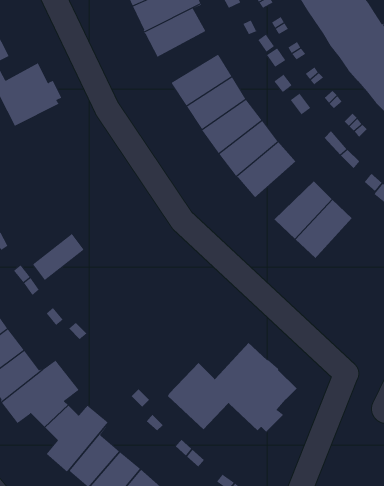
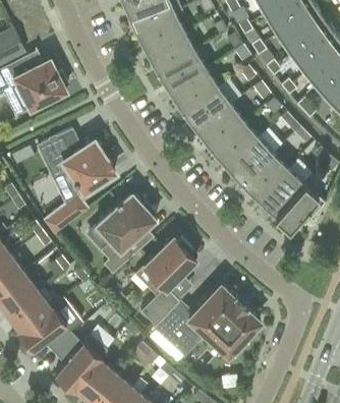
building: none -> [146,33,195,74]
building: none -> [39,131,115,193]
building: none -> [225,138,273,185]
building: none -> [274,184,325,229]
building: none -> [95,192,156,275]
building: none -> [140,237,195,327]

